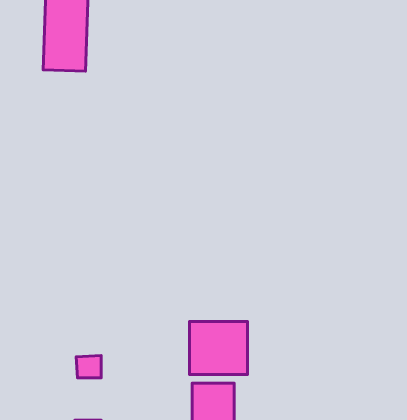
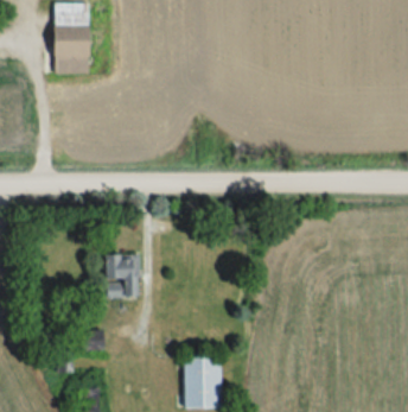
building: none -> [108,253,141,297]
building: [190,321,247,375] -> none

